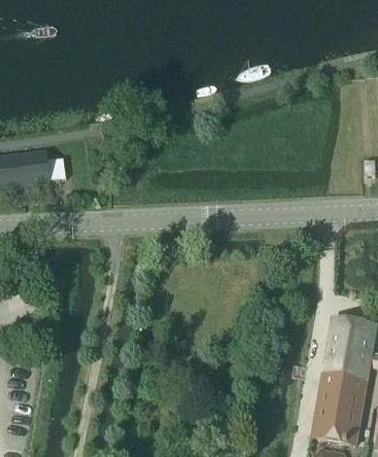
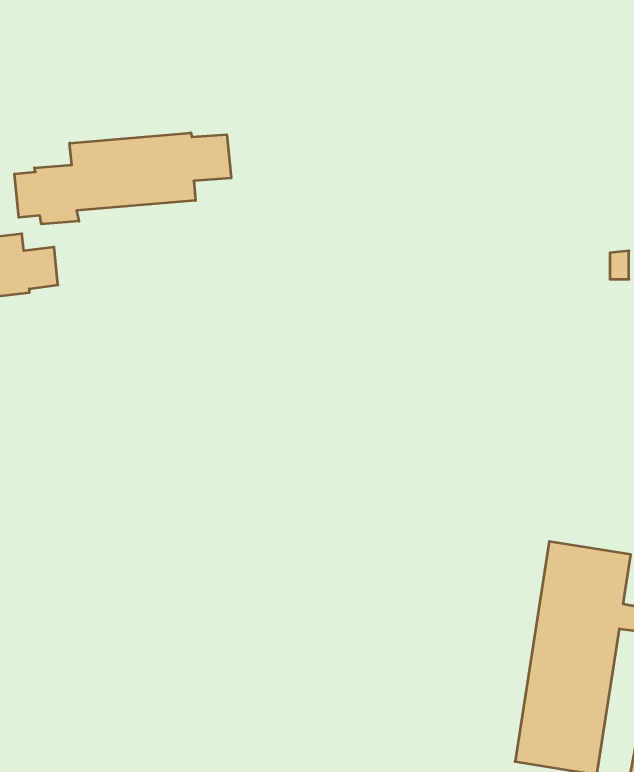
building: none -> [14,133,231,224]

